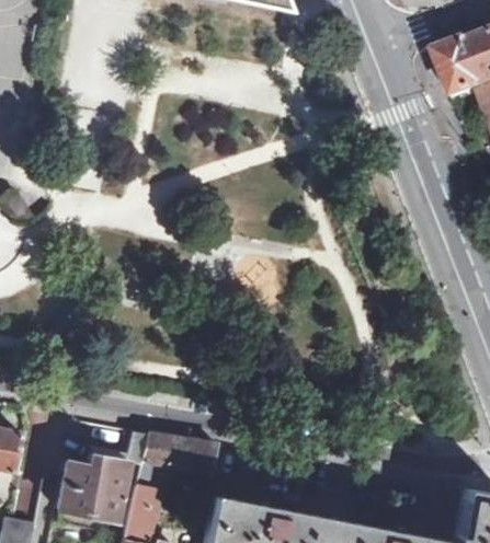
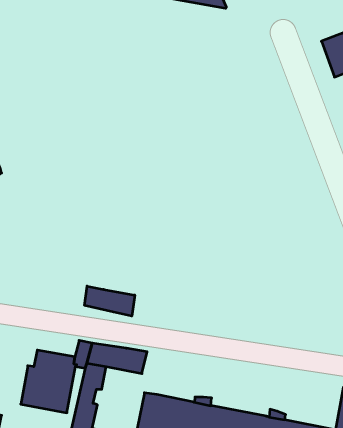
building: none -> [85,286,135,316]

